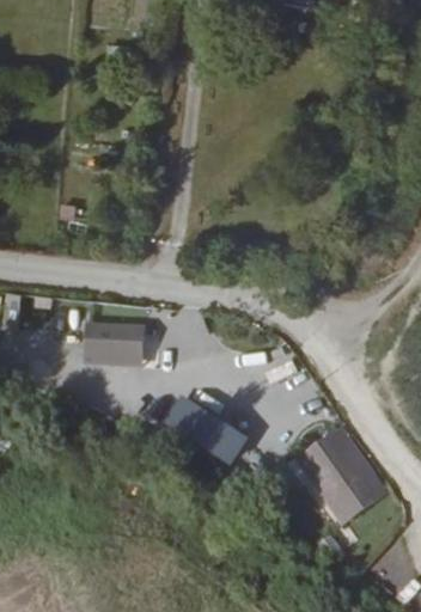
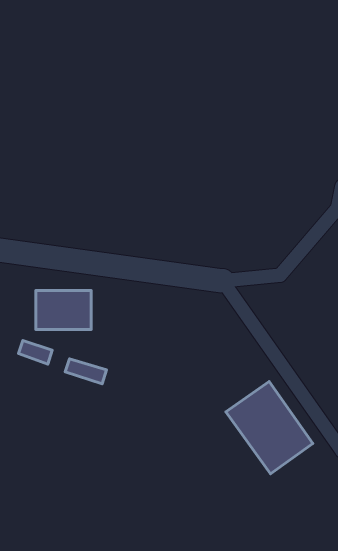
building: [161,398,248,463] -> none

